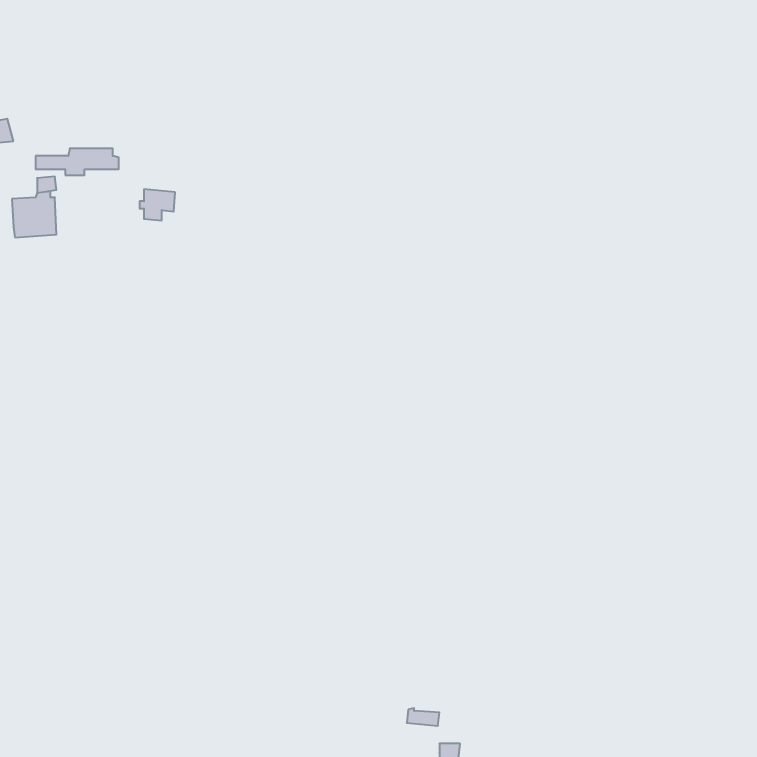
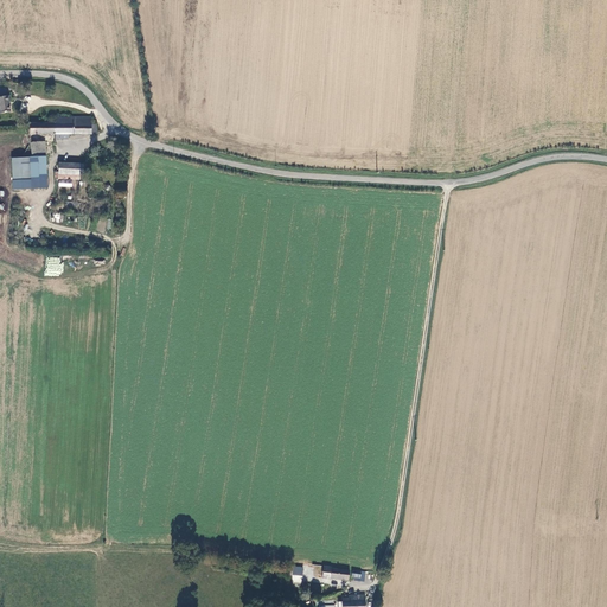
building: [140,189,175,220] -> [53,164,82,189]

